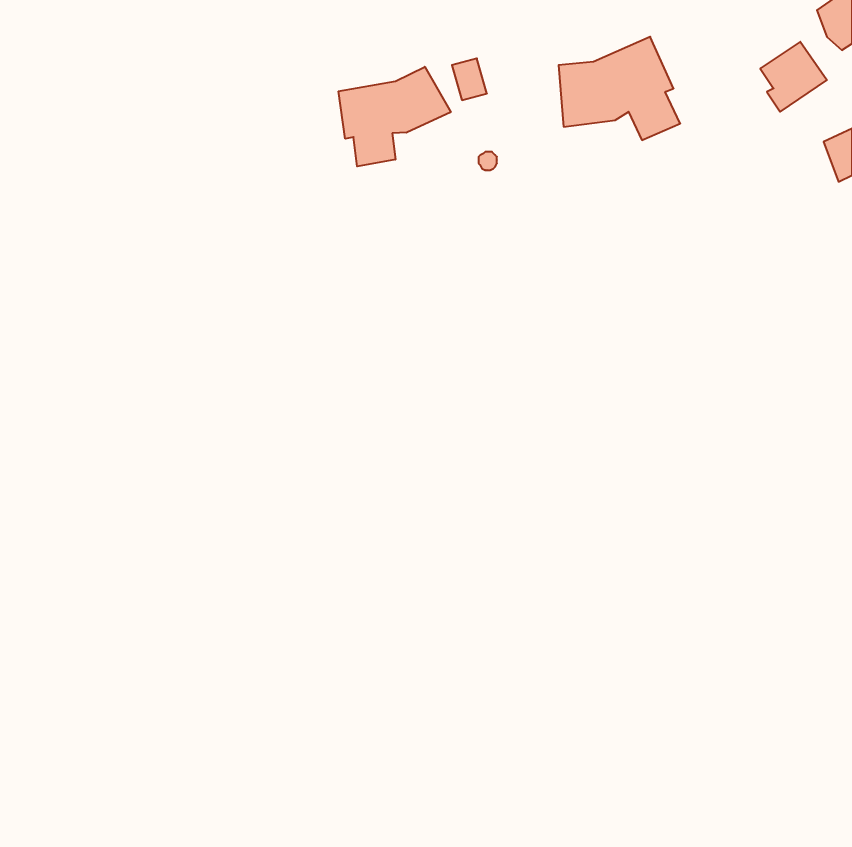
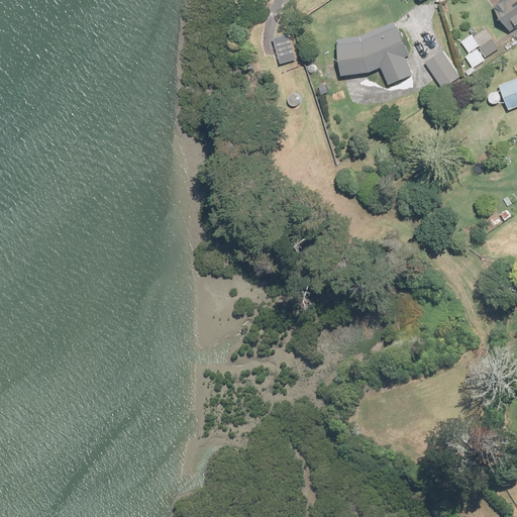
building: [339,67,451,166] -> none
building: none -> [424,49,461,88]

